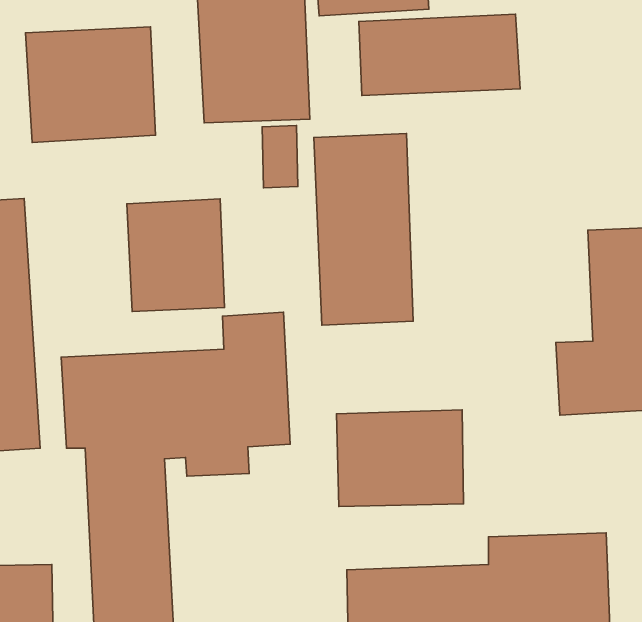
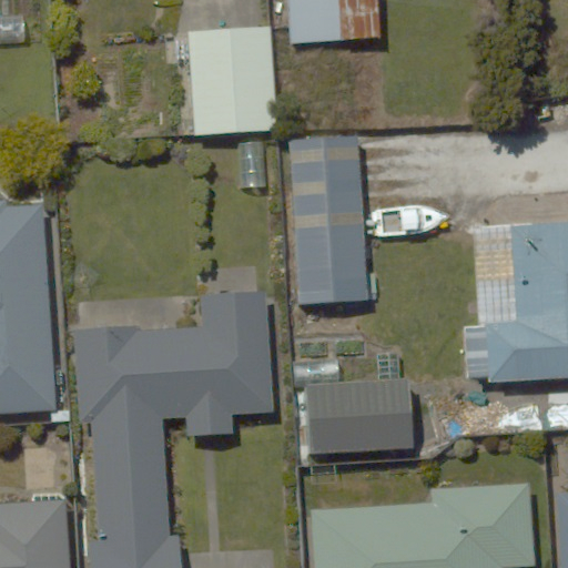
building: [359,14,520,95] -> none
building: [26,27,155,142] -> none
building: [127,199,224,311] -> none

